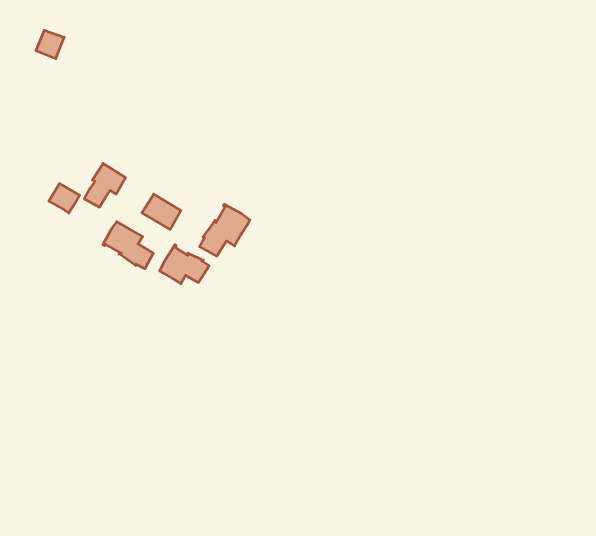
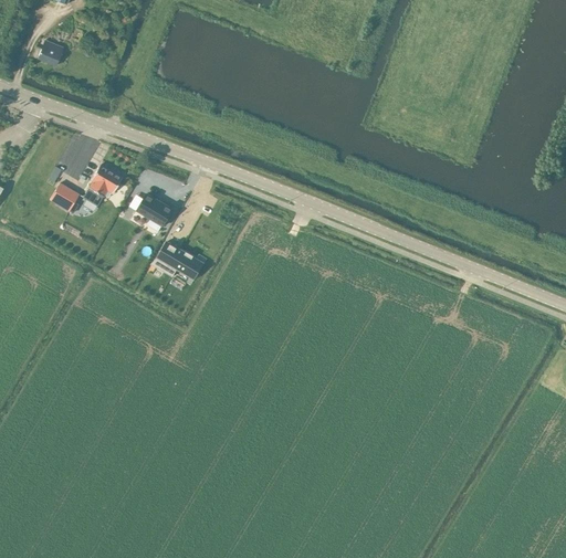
building: [200,204,250,256] -> none
building: [103,222,153,269] -> none

